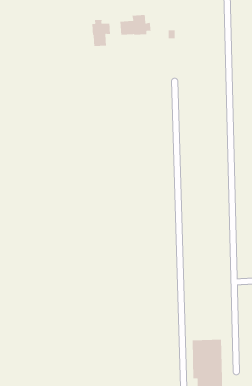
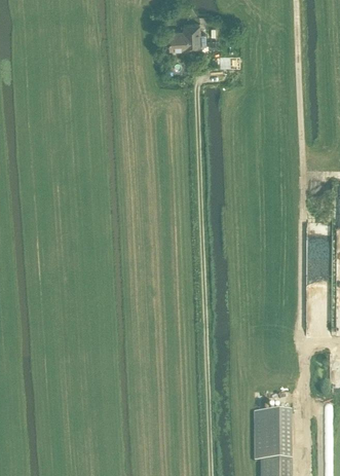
building: [91,19,111,47] -> none

